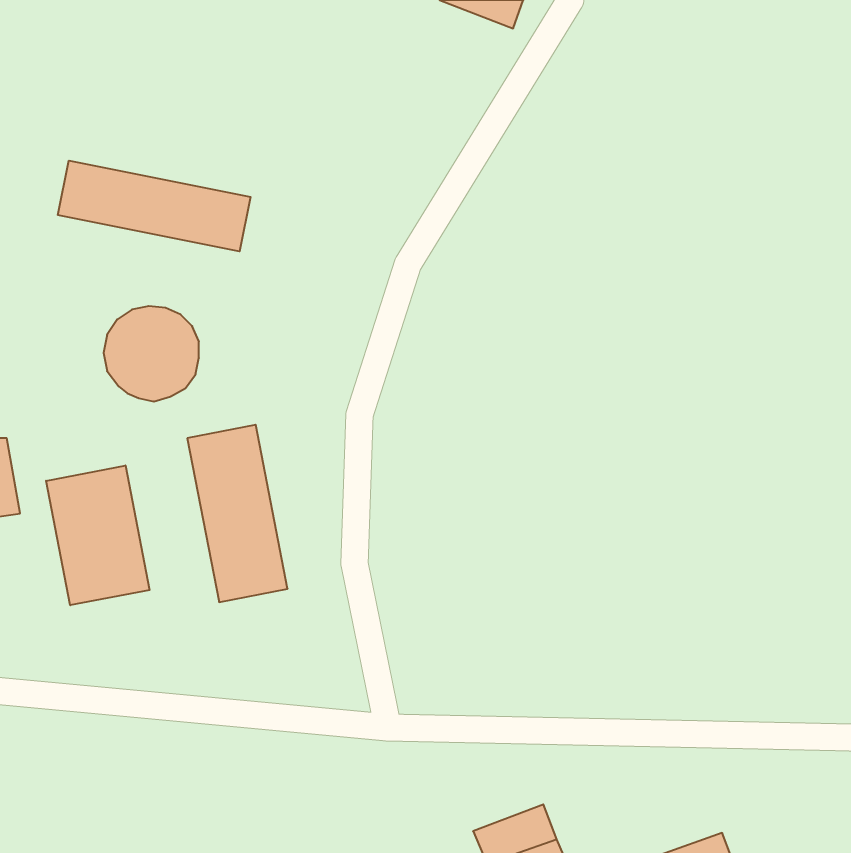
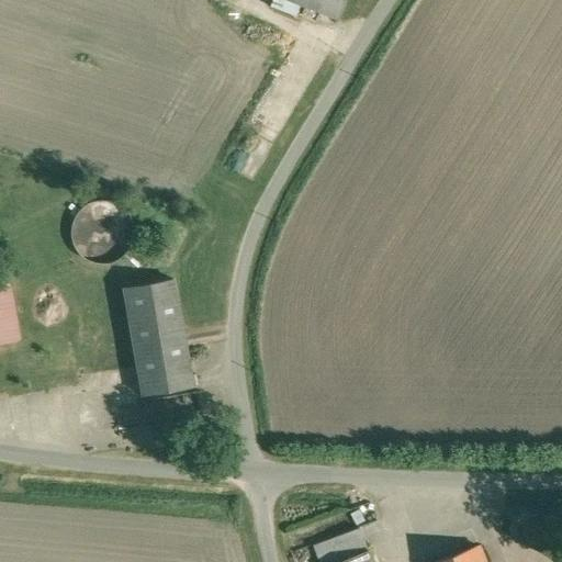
building: [58,161,251,251] -> none
building: [46,465,150,605] -> none

